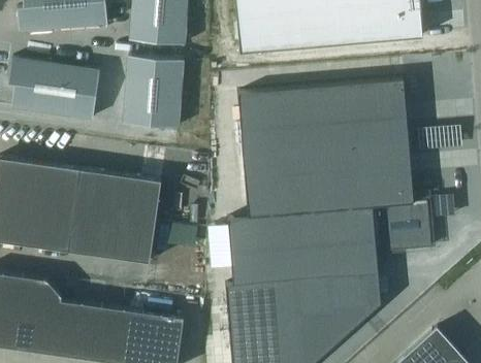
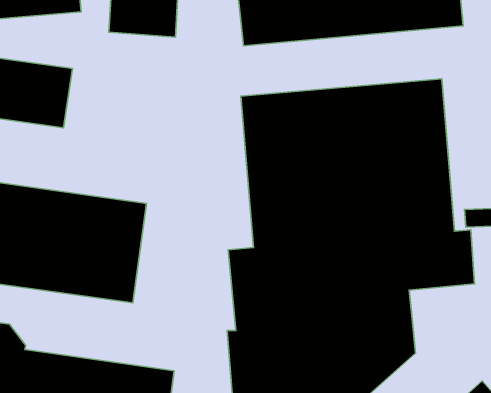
building: [123,57,184,128] -> none

